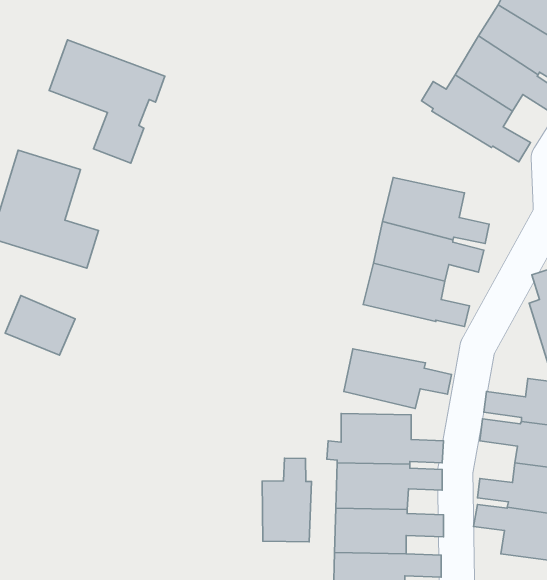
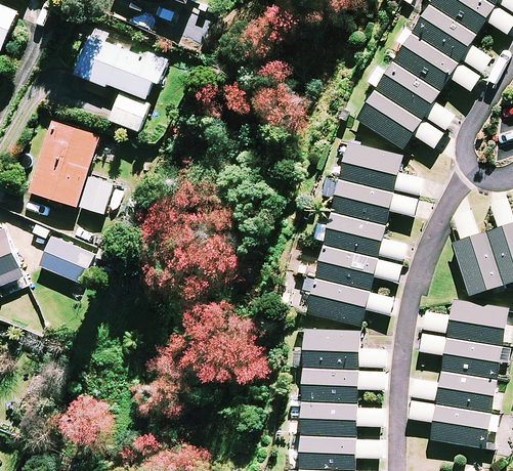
building: none -> [357,90,442,147]
building: none -> [313,243,402,289]
building: [262,458,312,542] -> none

